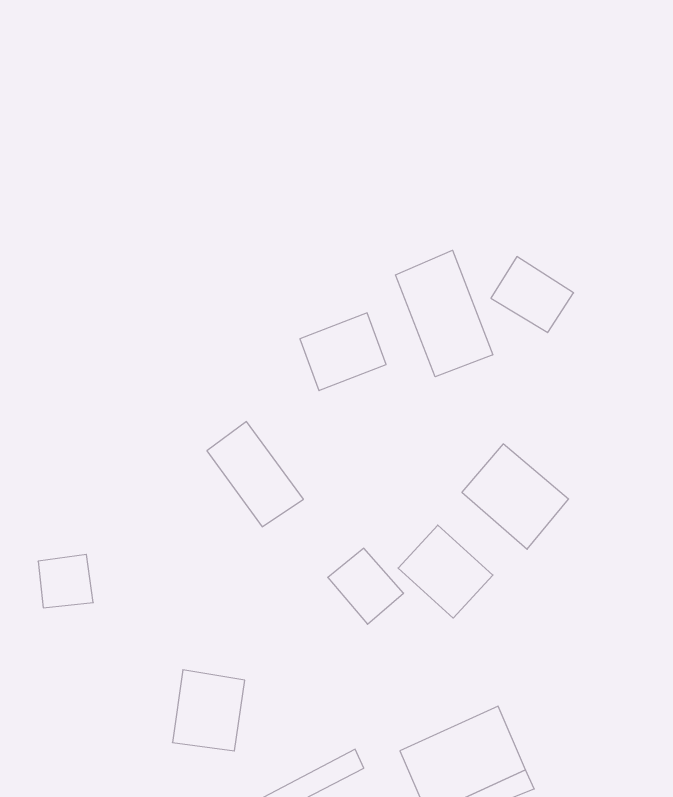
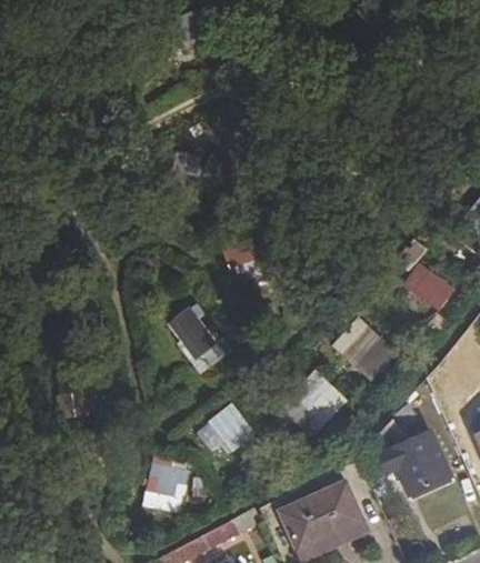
building: [396,250,493,377] -> none
building: [491,257,574,333] -> [393,262,447,311]
building: [328,548,404,624] -> [199,401,248,450]
building: none -> [379,428,452,491]

